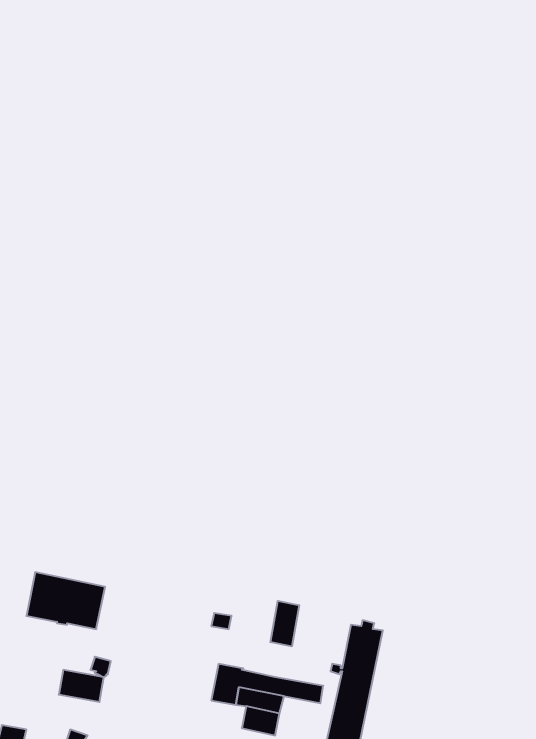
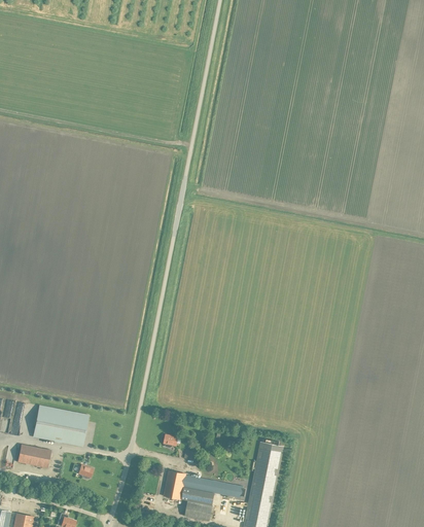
building: [270,601,299,646] -> none
building: [59,670,104,702] -> [17,445,49,467]

